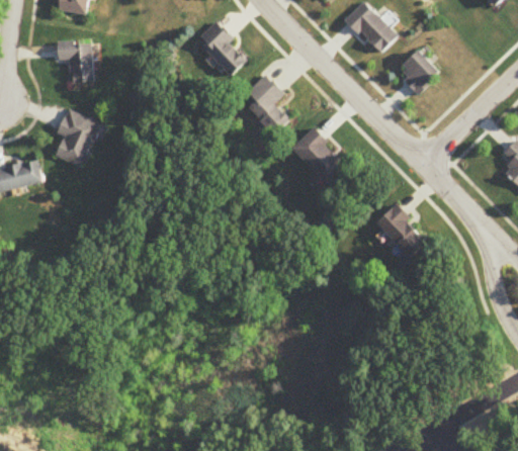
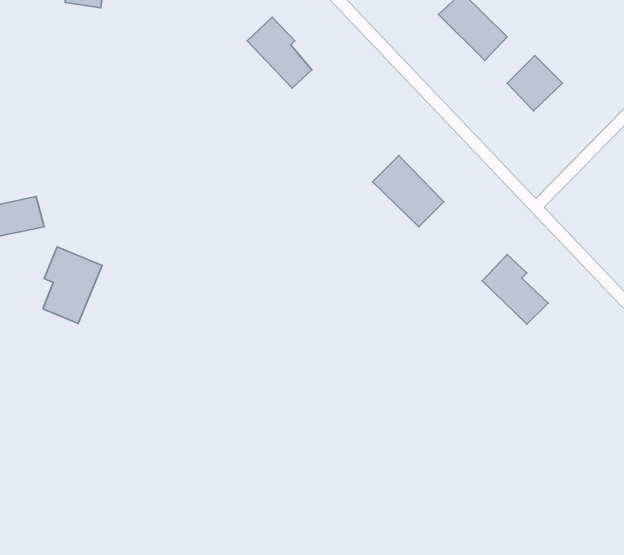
building: [55,42,90,83] -> none
building: [248,74,289,133] -> none
building: [54,108,99,167] -> [43,247,102,323]

